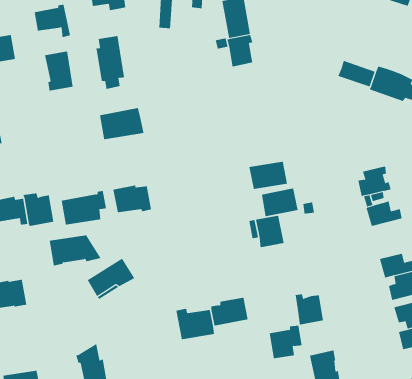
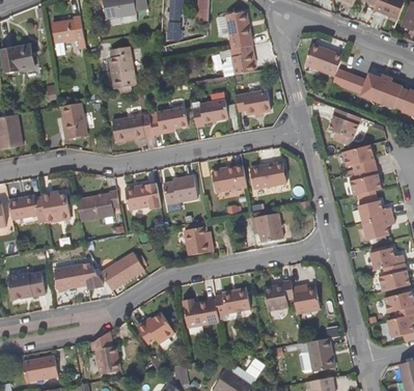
building: none -> [304,44,342,76]
building: [44,51,73,91] -> [60,102,87,139]
building: none -> [234,88,271,115]
building: none -> [192,99,228,127]
building: none -> [150,106,189,135]
building: none -> [328,107,360,138]
building: none -> [343,144,377,171]
building: none -> [164,175,198,203]
building: [261,188,298,217] -> [213,165,247,192]
building: none -> [363,215,394,239]
building: none -> [183,225,214,254]
building: [49,235,102,266] -> [54,262,103,291]
building: none -> [136,311,175,344]
building: [269,325,303,359] -> [264,279,295,310]

